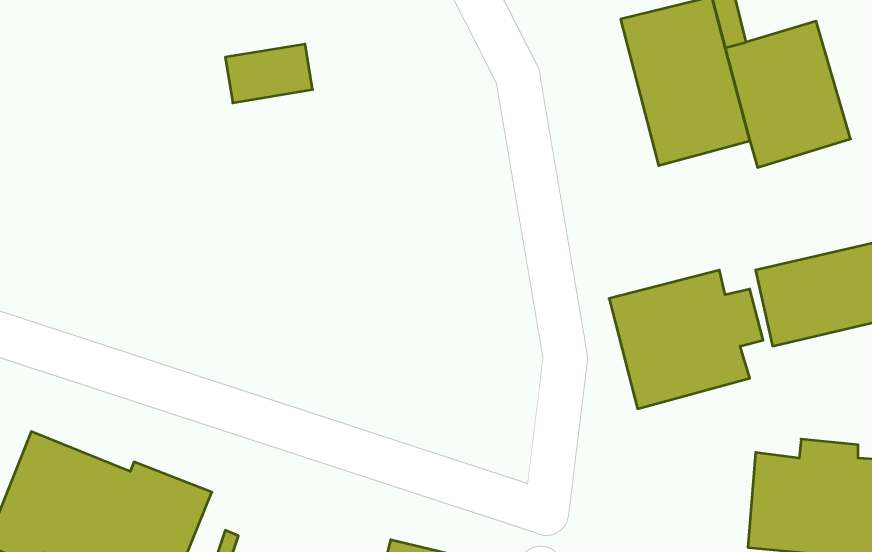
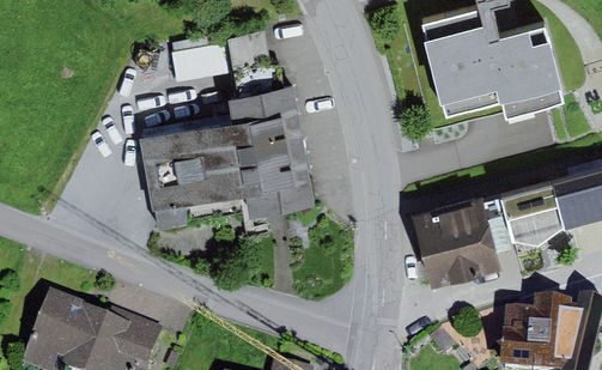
building: none -> [142,63,312,219]

